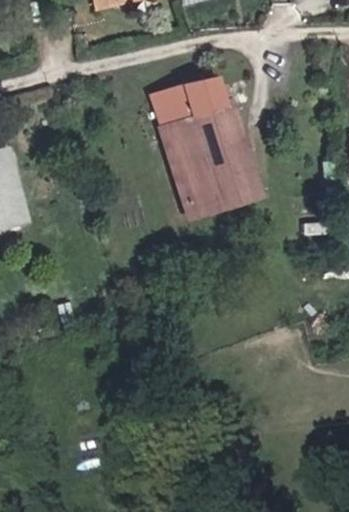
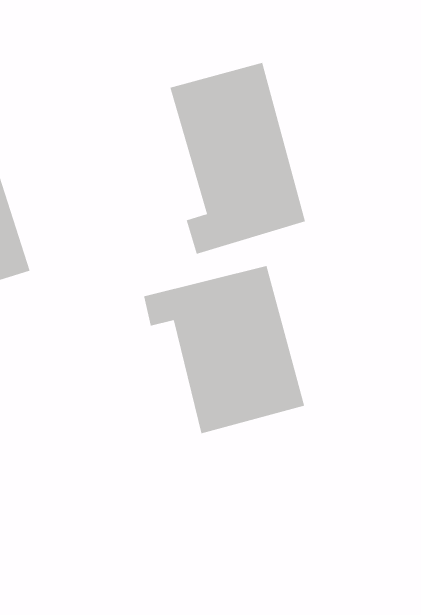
building: none -> [143,265,305,434]

